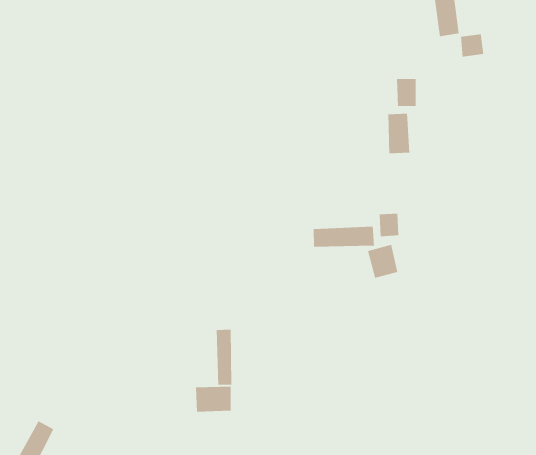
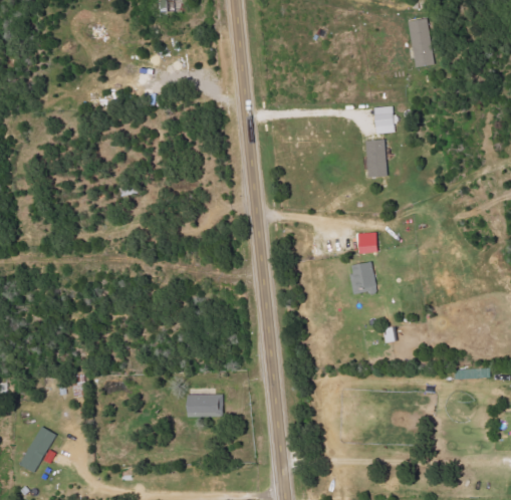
building: [460,34,484,57] -> none
building: [313,226,374,248] -> none
building: [216,329,232,385] -> none

